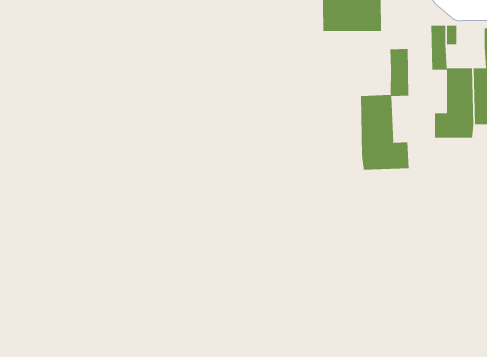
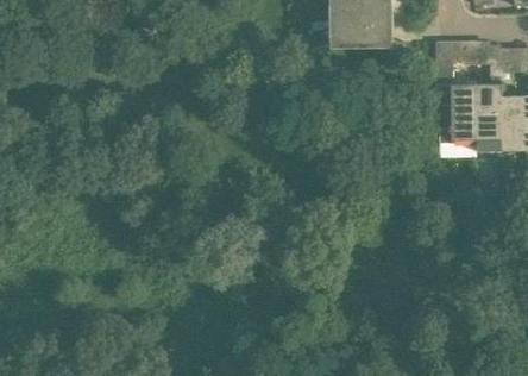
building: [360,48,409,170] -> none

